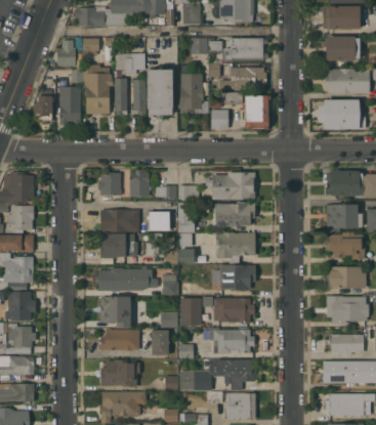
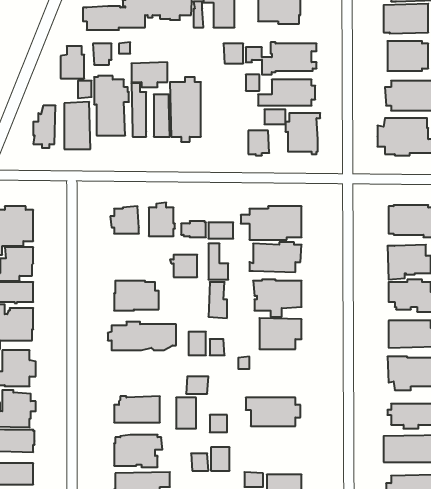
building: [178,66,208,114] -> none
building: [100,209,139,232] -> none
building: [100,297,130,328] -> none
building: [180,298,201,326] -> none
building: [214,298,254,322] -> none
building: [208,359,255,390] -> none

